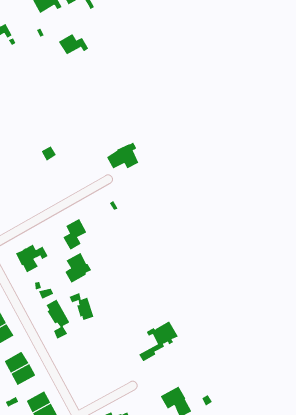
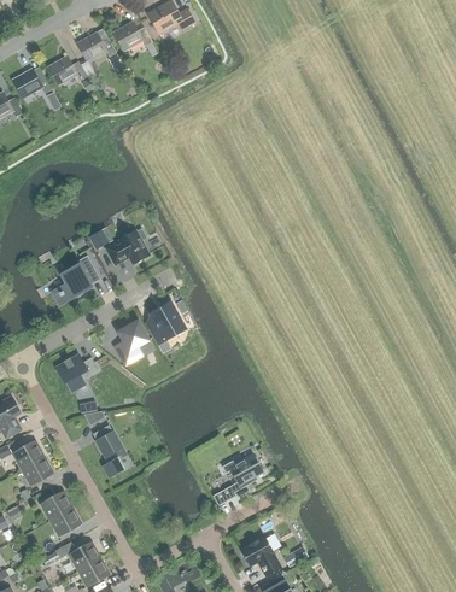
building: [58,33,89,55] -> [47,57,87,84]
building: [106,142,139,169] -> [106,229,148,264]
building: none -> [52,256,100,303]
building: [65,252,92,283] -> [148,304,183,344]
building: [69,292,94,321] -> none

